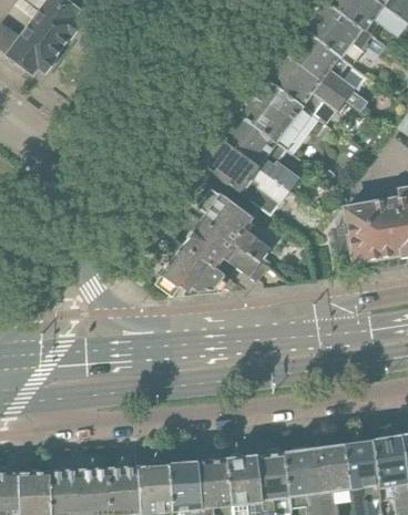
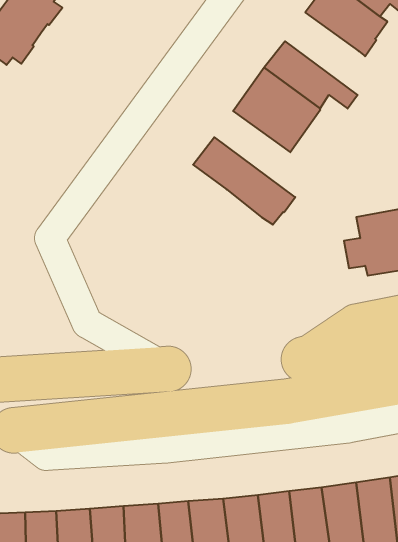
building: [282,27,364,106] -> none
building: [218,114,300,190] -> none
building: [157,184,272,296] -> none

